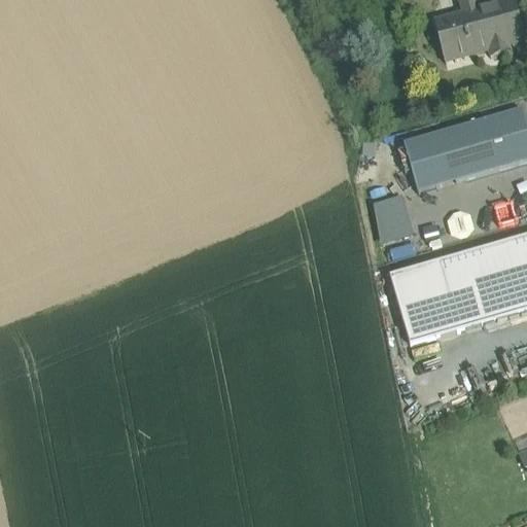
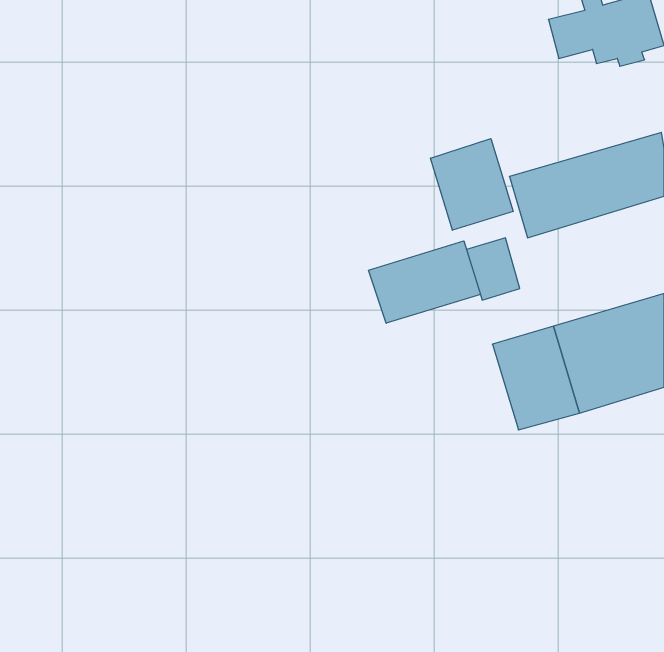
building: none -> [431,139,513,230]
building: none -> [368,241,480,323]

